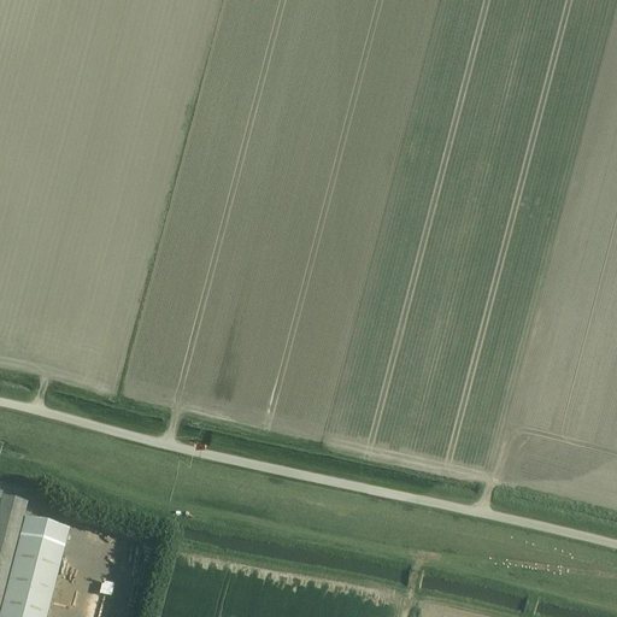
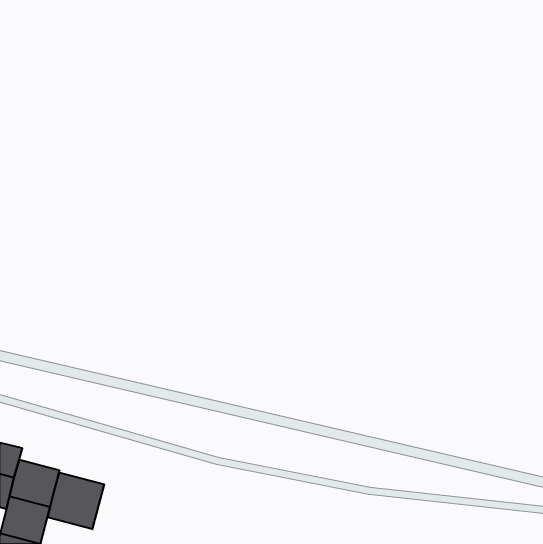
building: none -> [48,473,104,529]

